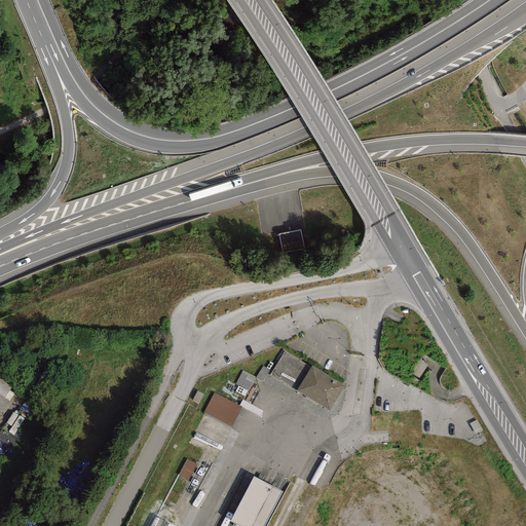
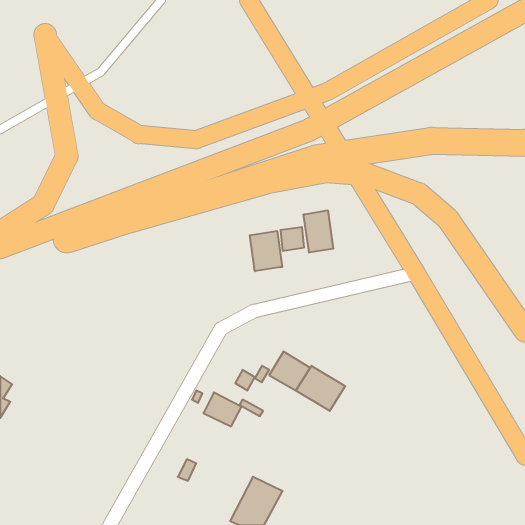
building: none -> [304,210,333,253]
building: none -> [250,231,282,271]

